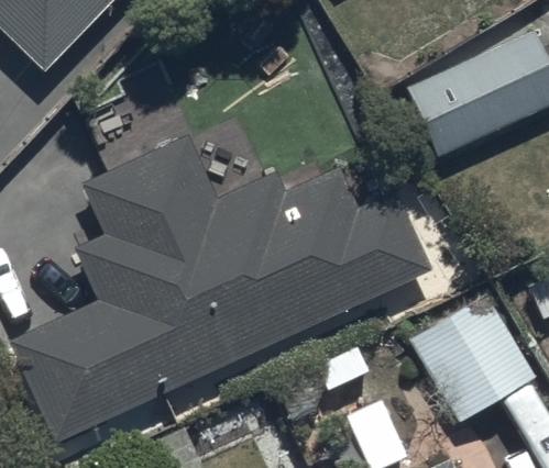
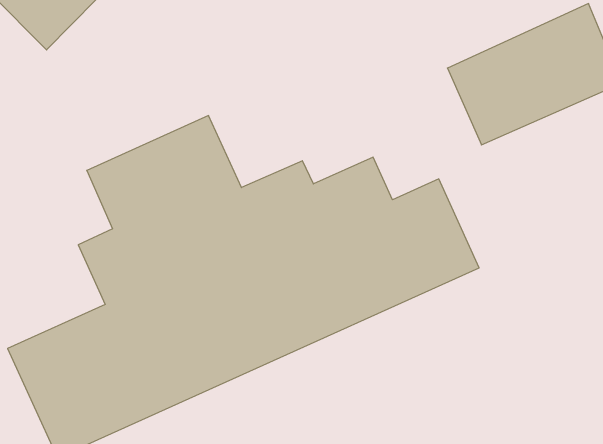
building: [409,292,535,422] -> none

